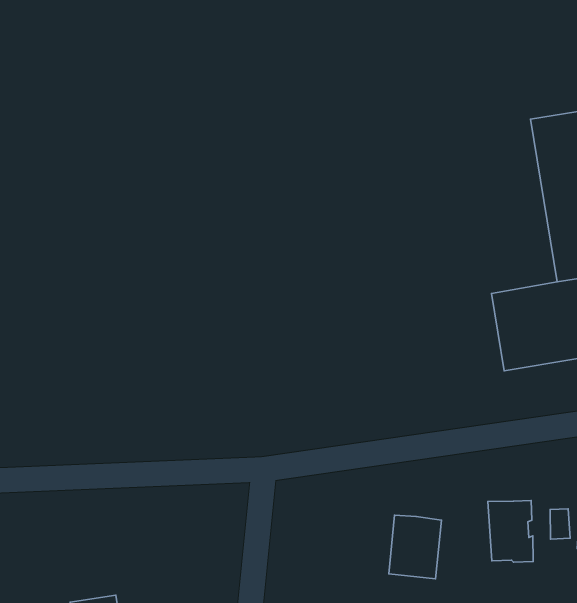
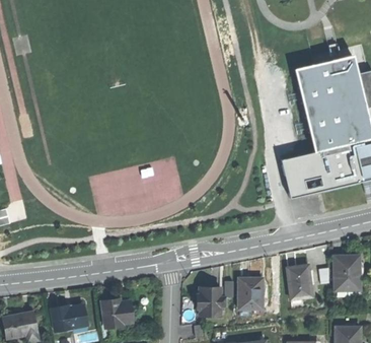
building: none -> [199,287,226,315]
building: none -> [101,298,133,327]
building: none -> [51,303,87,330]

